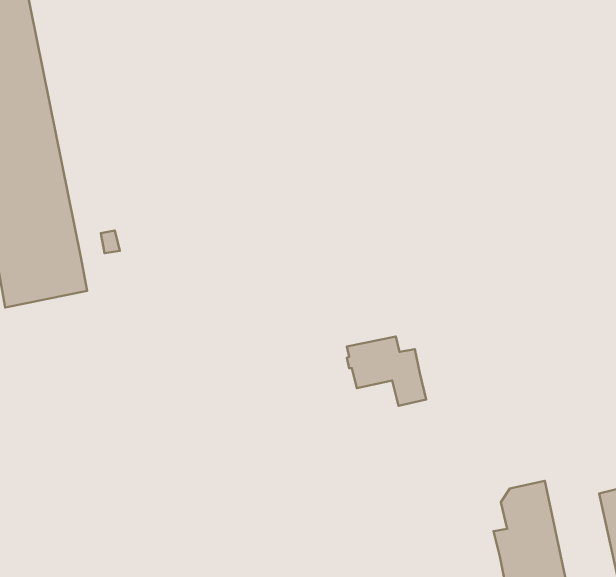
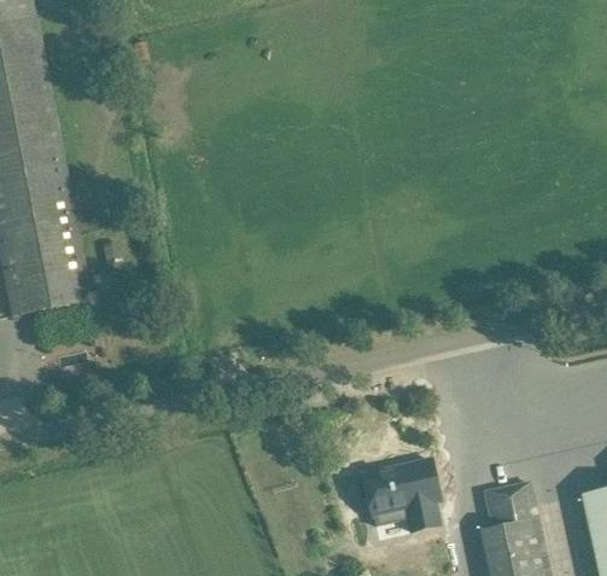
building: [347,337,426,406] -> [364,465,440,531]

